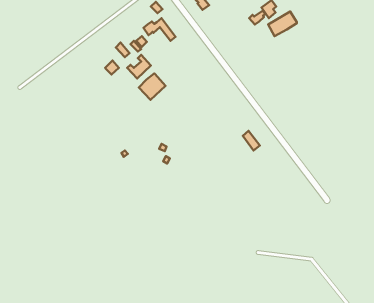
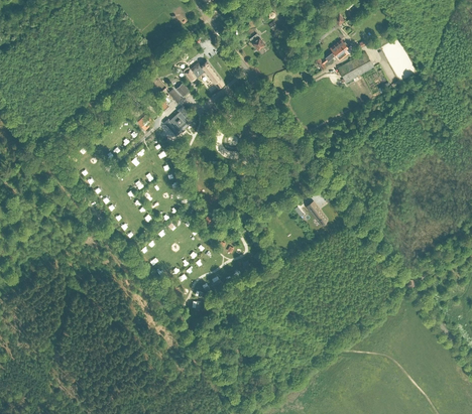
building: [139,74,166,100] -> none

